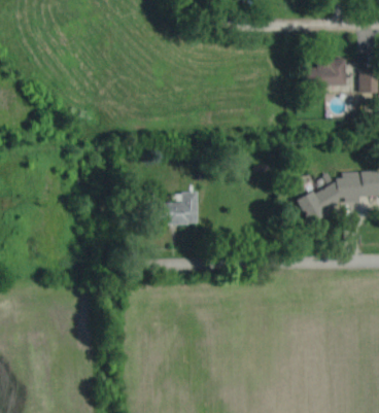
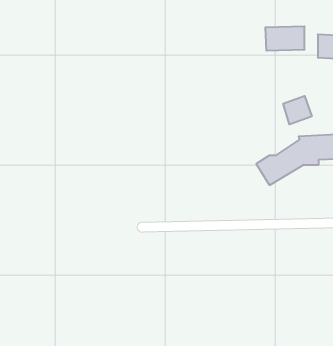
building: none -> [283,96,312,124]
building: [162,193,198,225] -> none

